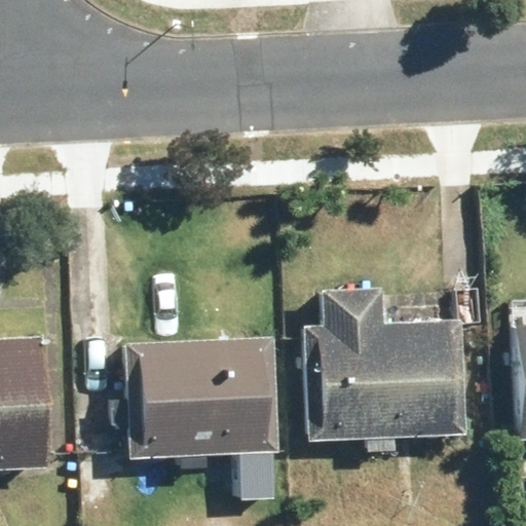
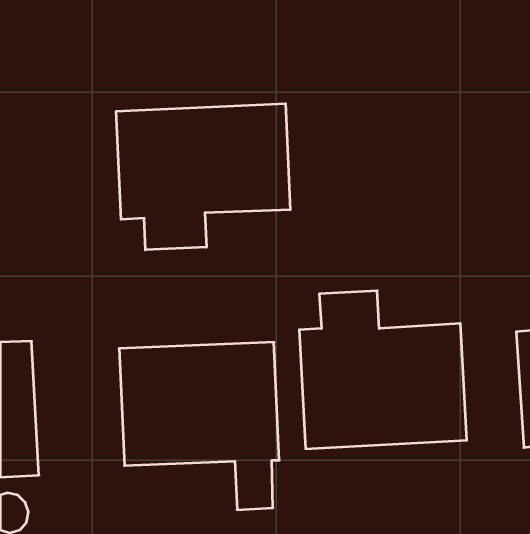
building: none -> [116,104,290,250]

